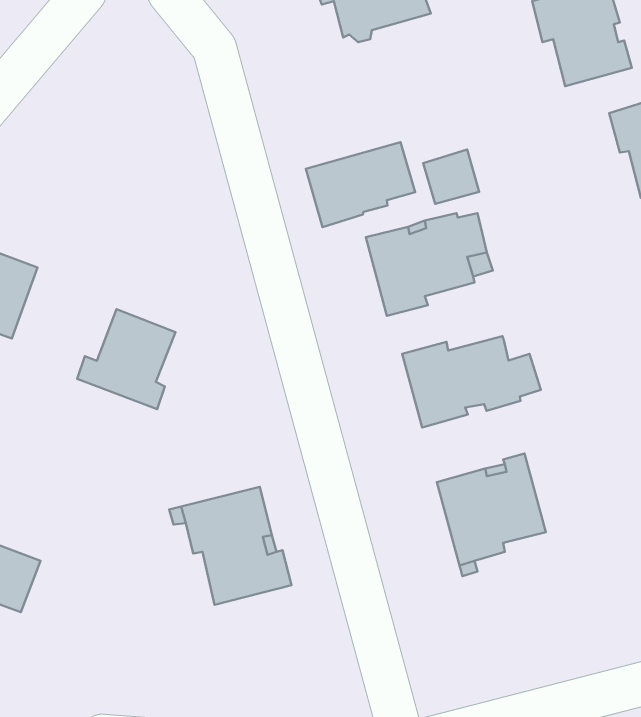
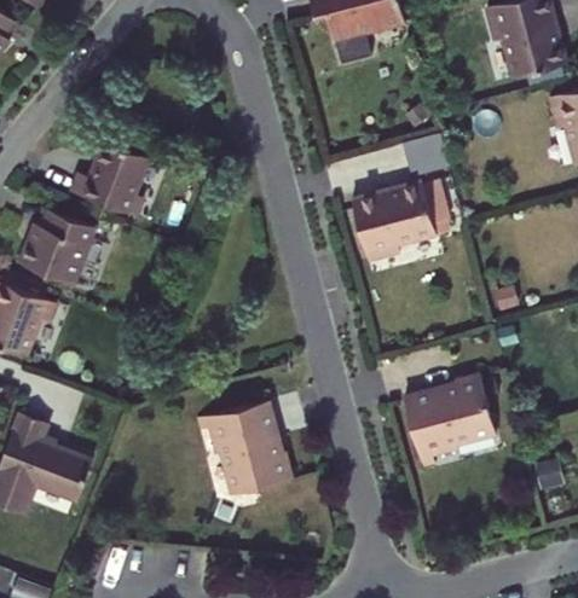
building: [306,142,415,227] -> none
building: [77,309,175,409] -> [70,137,149,216]
building: [402,336,541,427] -> none

